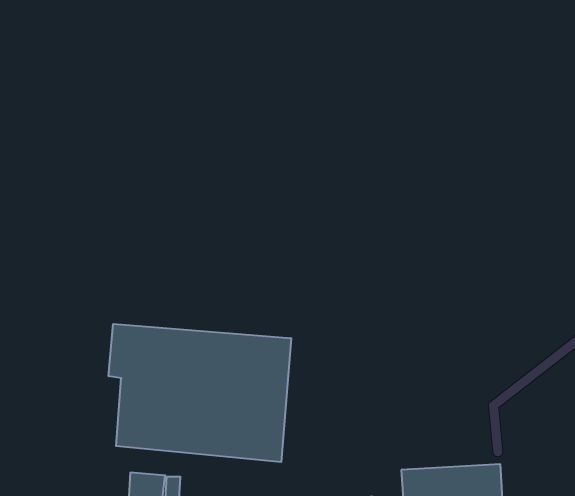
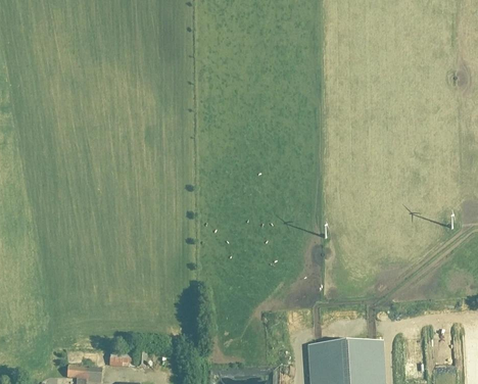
building: [109,324,291,462] -> none

